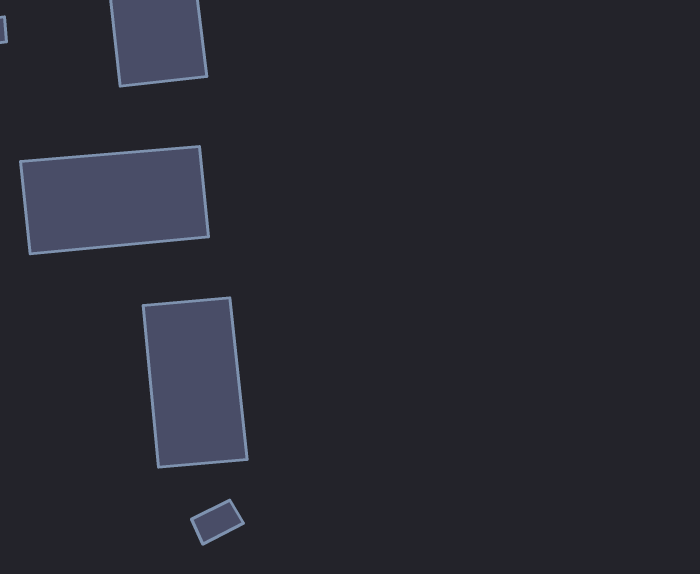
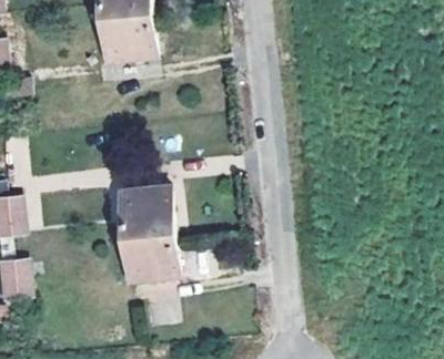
building: [20,147,209,254] -> none

